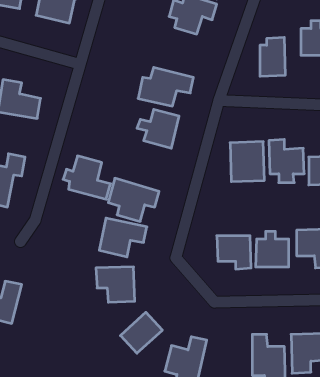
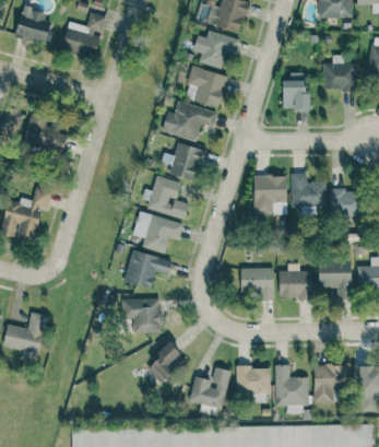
building: none -> [185,67,227,107]
building: [63,156,111,199] -> [142,176,189,219]
building: none -> [236,367,270,402]

